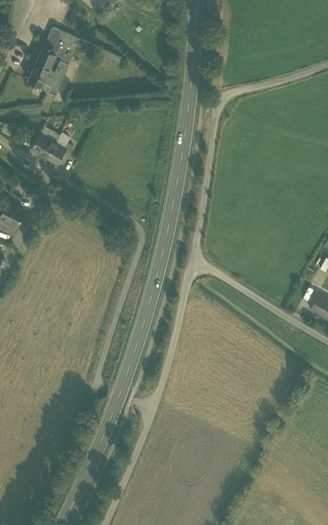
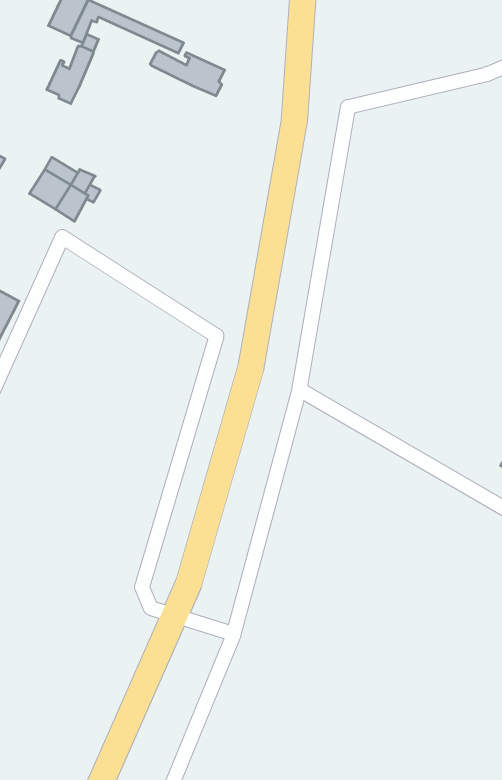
building: [28,48,55,86] -> none
building: none -> [150,51,225,96]

